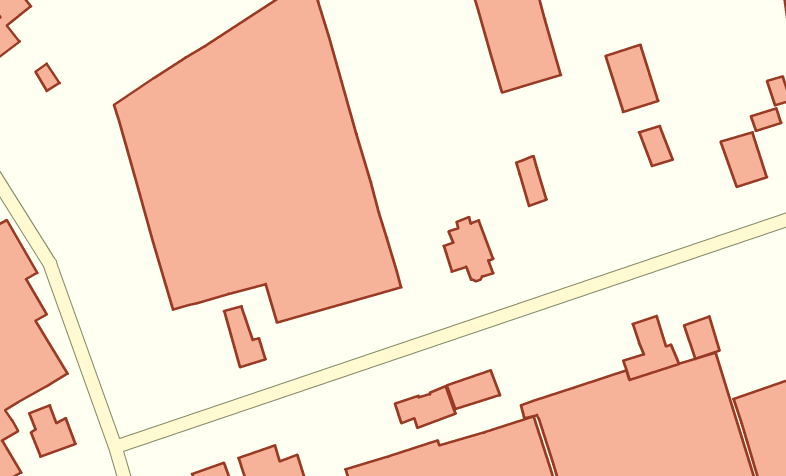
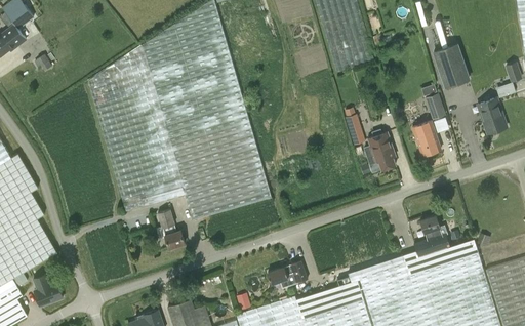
building: [606,45,658,112] -> [435,44,469,87]
building: none -> [412,121,441,157]
building: [444,217,493,281] -> [364,130,396,171]
building: [684,316,719,359] -> none
building: [447,370,500,409] -> none

